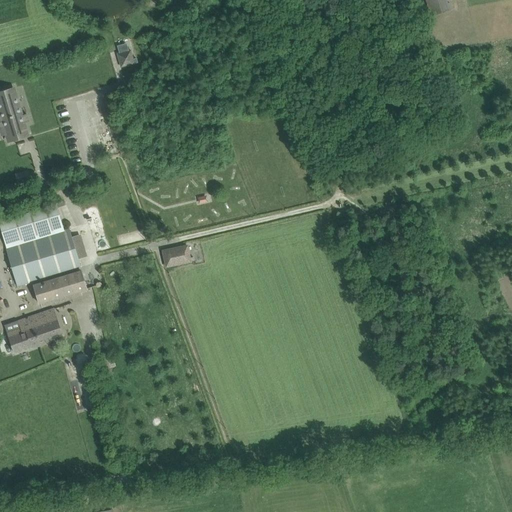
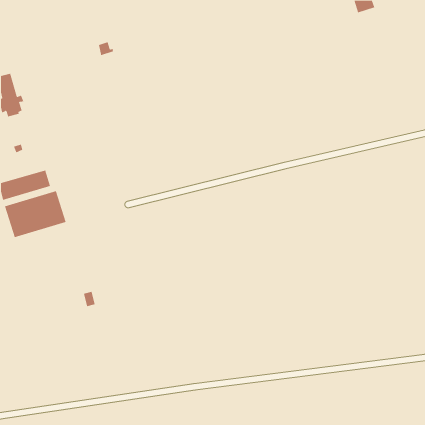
building: [162,244,190,265] -> none
building: [33,271,86,303] -> none
building: [7,309,60,353] -> none

